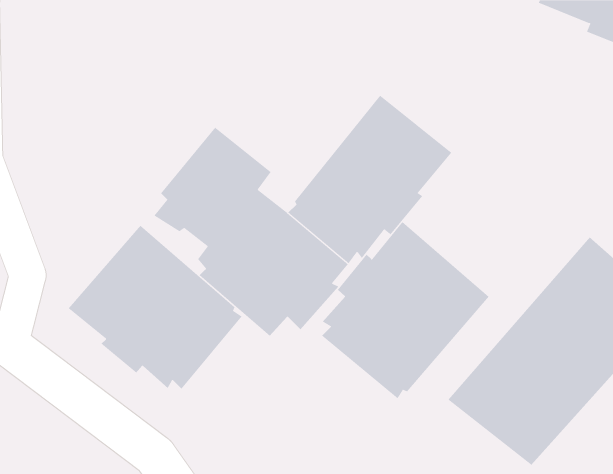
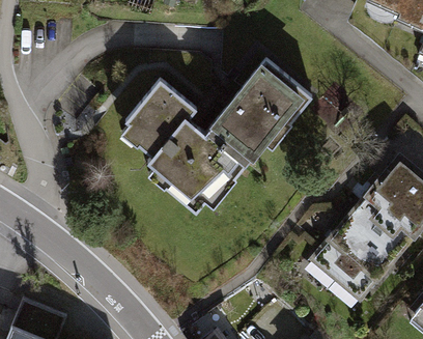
building: [321,221,490,399] -> none
building: [68,225,243,390] -> none

